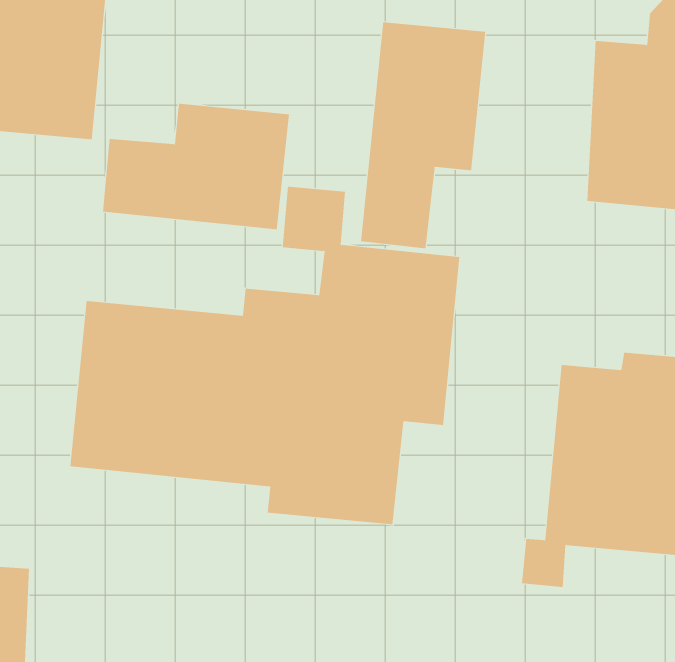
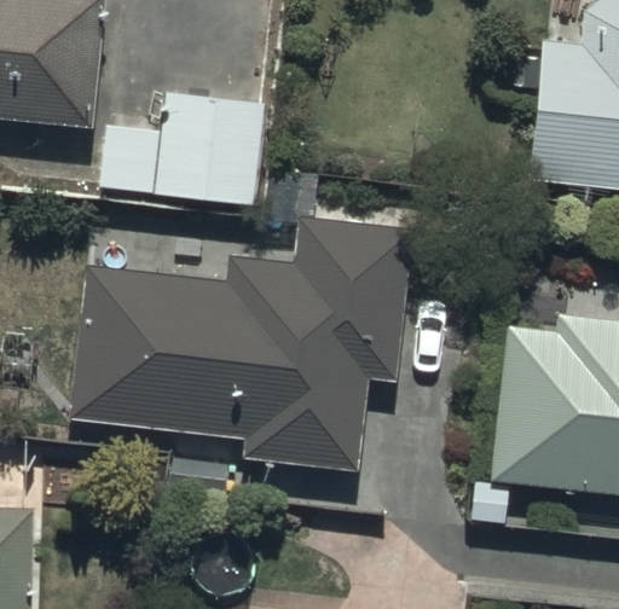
building: [360,21,486,249] -> none

